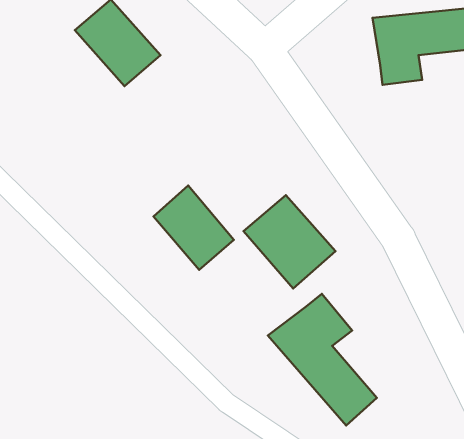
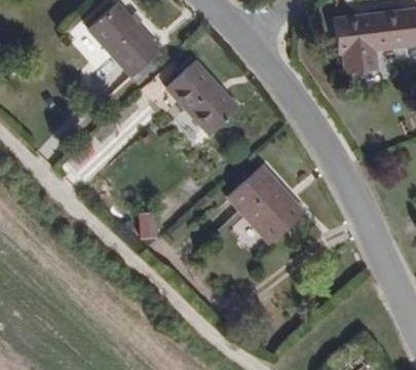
building: [153,185,234,270] -> [167,62,234,132]
building: [268,294,377,425] -> none

